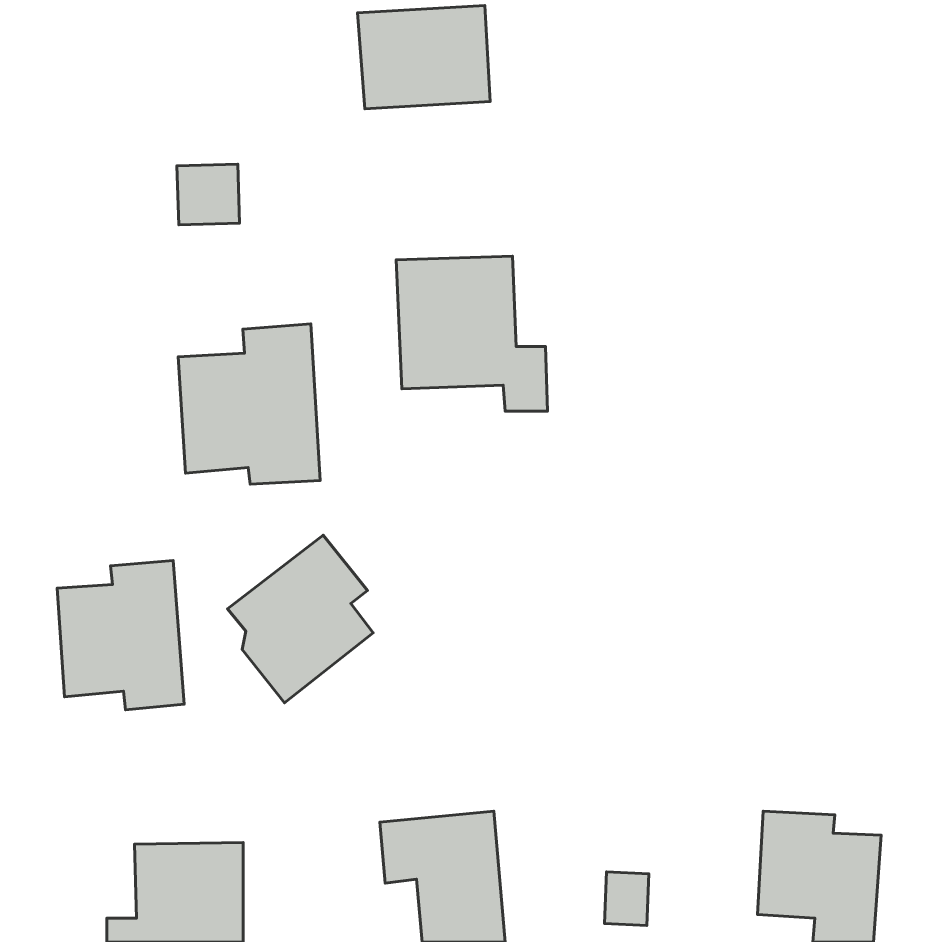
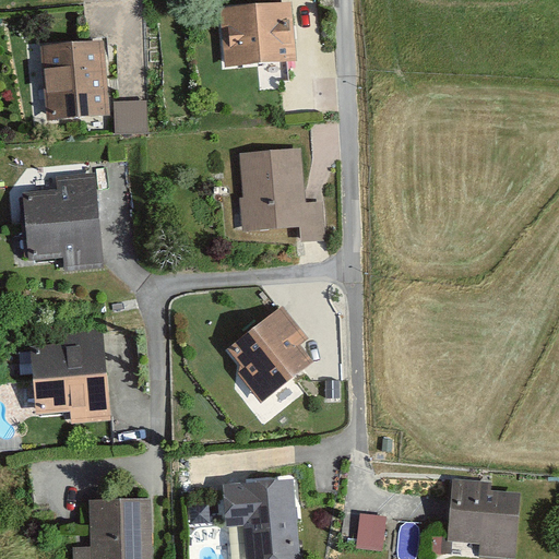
building: none -> [32,40,99,112]
building: [178,324,320,484] -> [13,169,97,264]
building: [227,535,373,703] -> [227,307,313,406]

